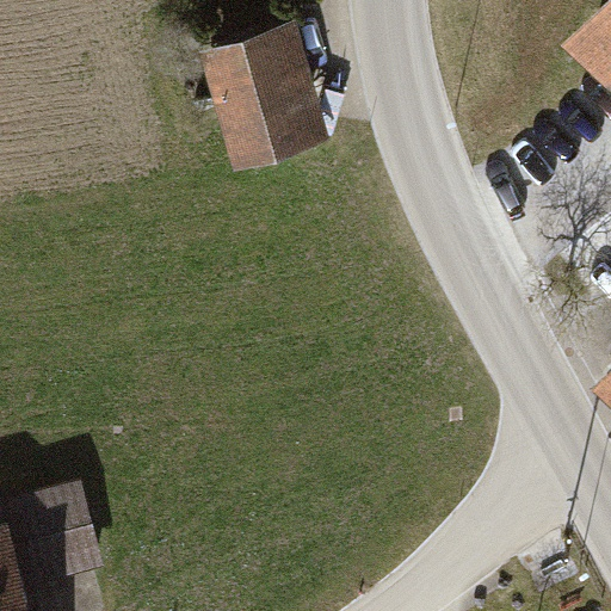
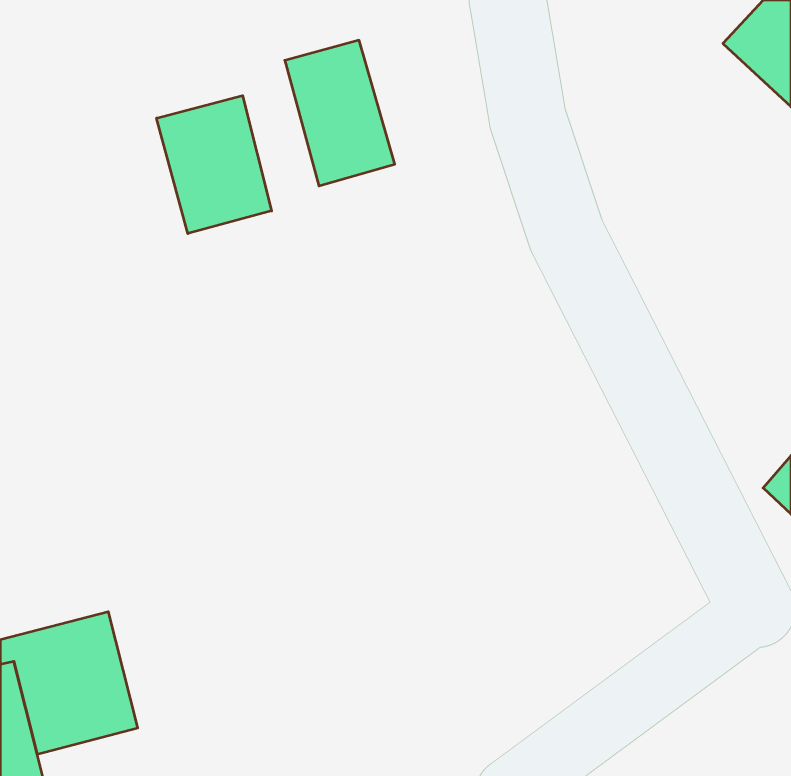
building: none -> [157,96,272,234]

